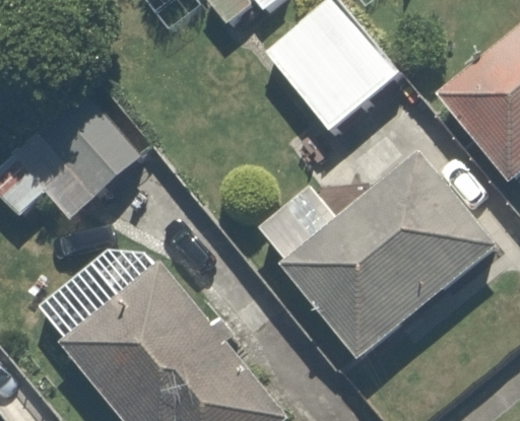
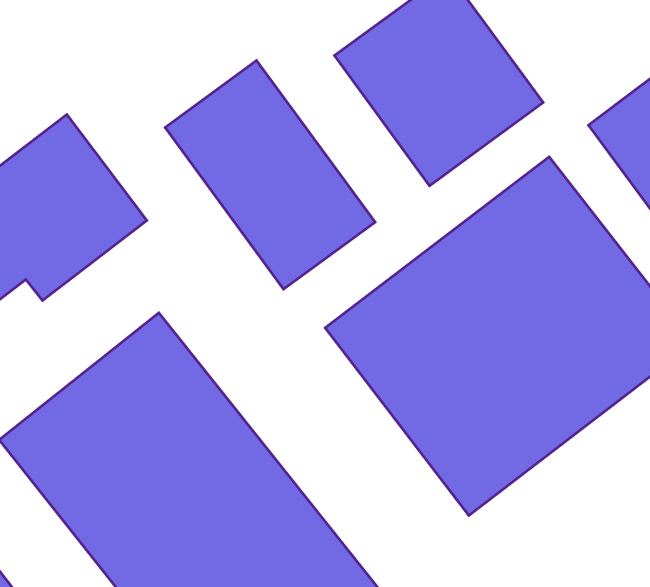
building: none -> [165,60,375,289]

